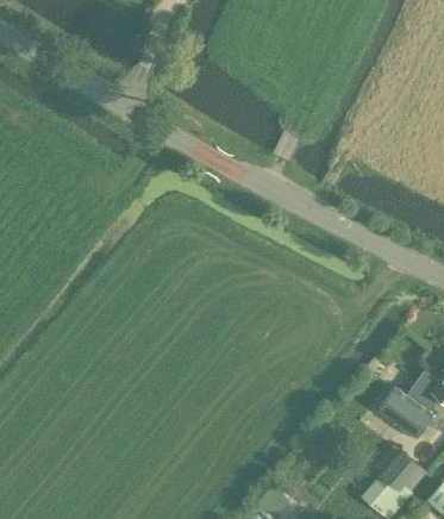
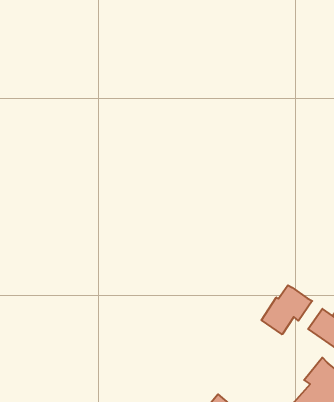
building: none -> [261,285,312,334]

